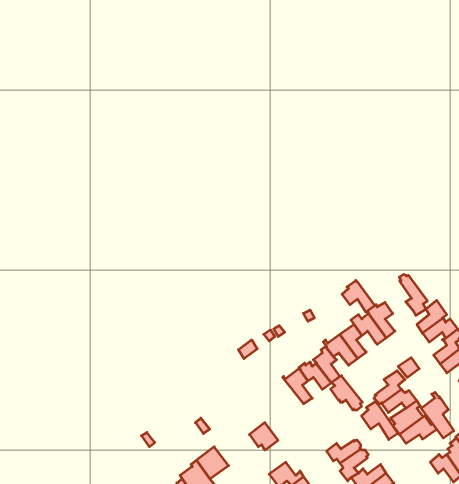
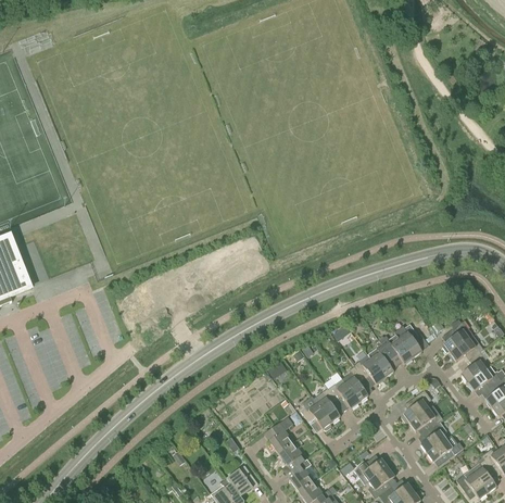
building: [399,274,427,315] -> none
building: [342,280,375,312] -> none
building: [331,376,362,410] -> [300,397,331,430]
building: [421,392,454,438] -> none
building: none -> [268,416,293,453]
building: [362,402,398,440] -> none
building: none -> [289,458,314,492]

